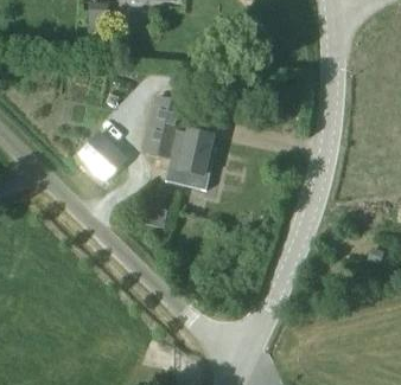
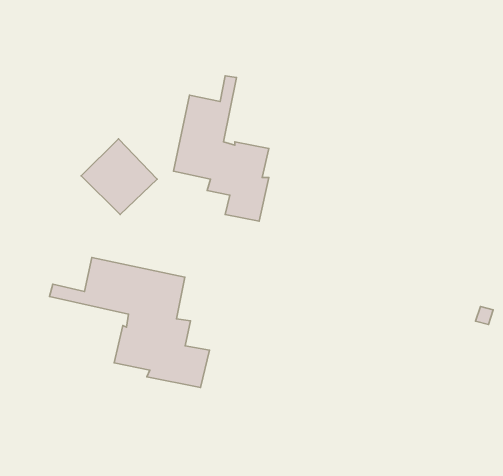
building: none -> [49,258,209,388]

